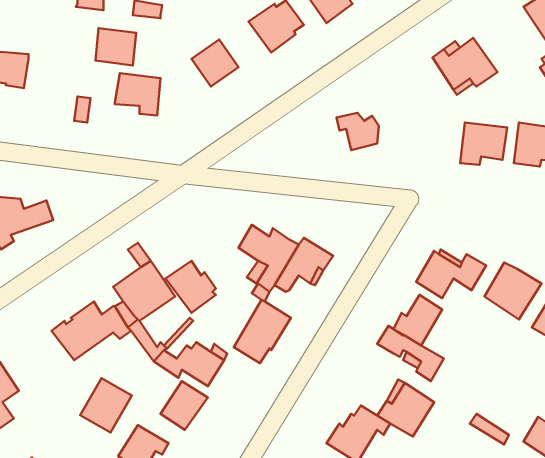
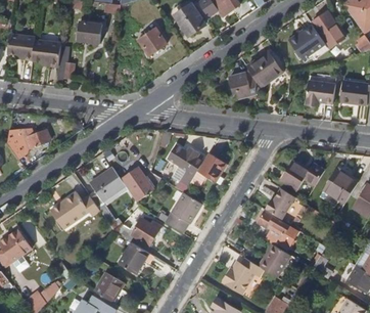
building: none -> [313,11,345,47]
building: [115,73,161,116] -> [33,40,61,66]
building: none -> [247,51,282,84]
building: [80,378,132,433] -> none

